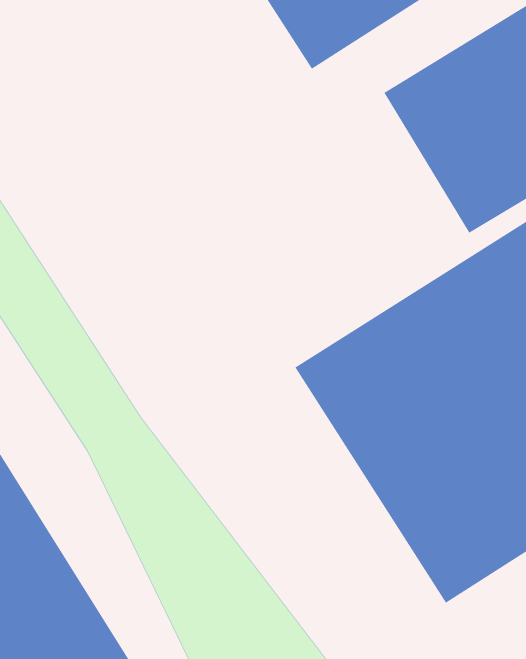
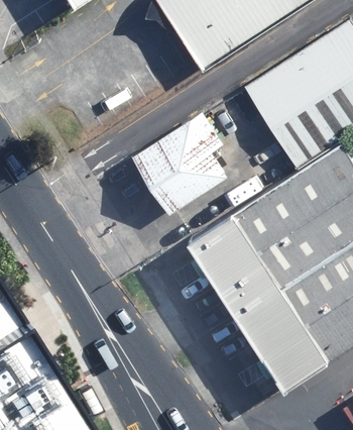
building: none -> [129,111,225,215]

